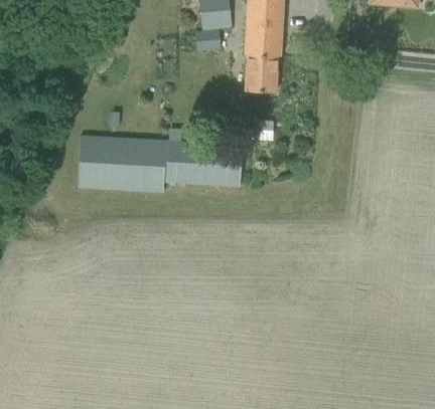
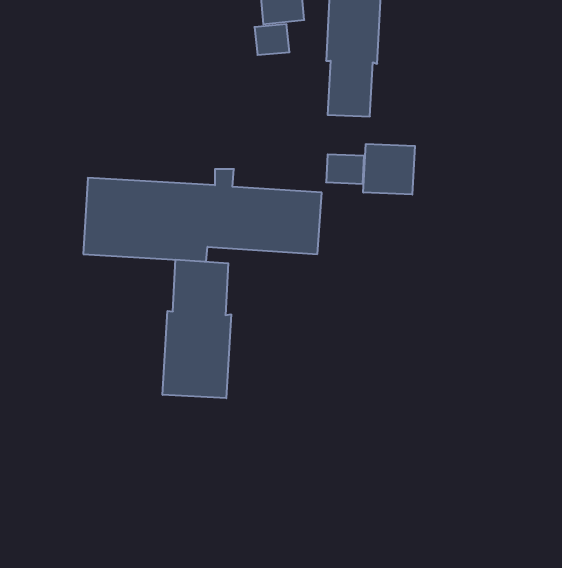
building: none -> [363,144,415,195]
building: none -> [163,260,231,398]

